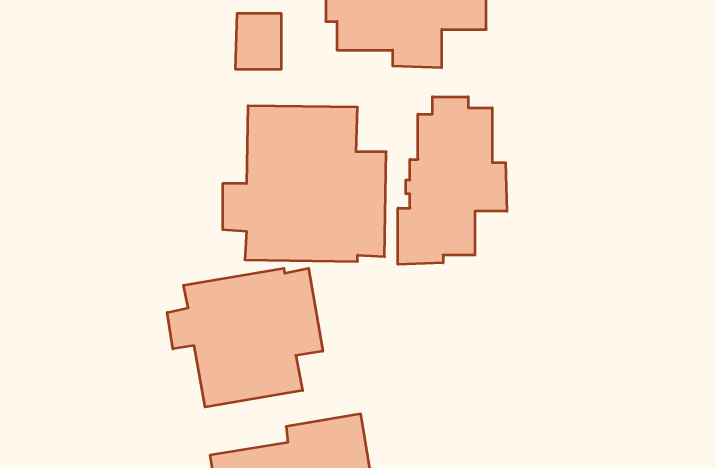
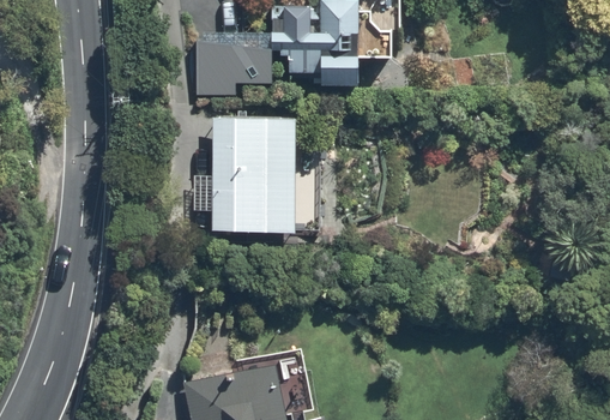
building: [398,97,507,264] -> none
building: [167,268,323,407] -> none

